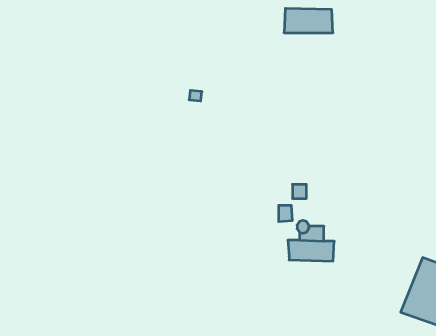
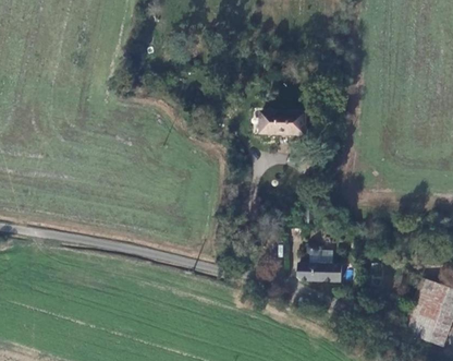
building: [284,8,333,33] -> [261,111,307,134]

